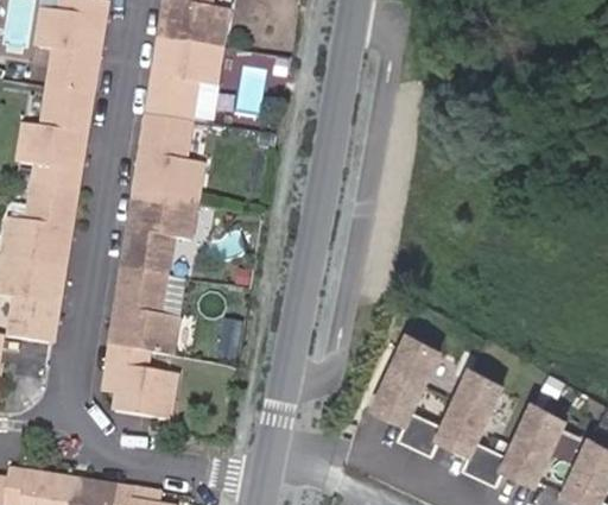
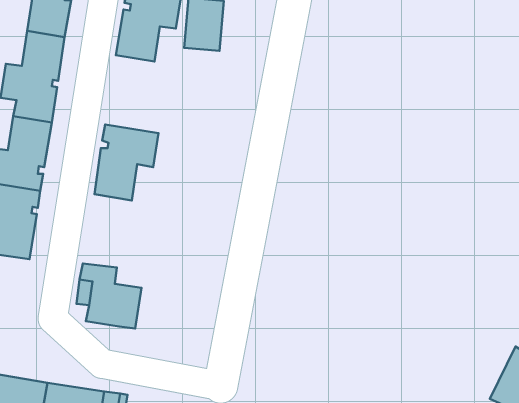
building: [134,115,201,202] -> none
building: [109,270,176,355] -> none
building: [373,335,564,488] -> none

